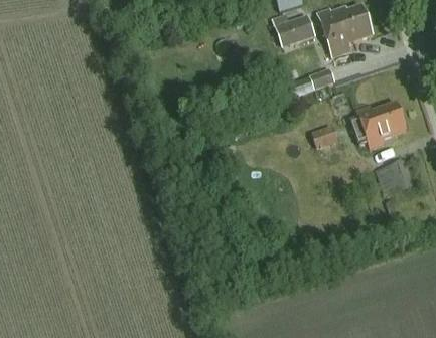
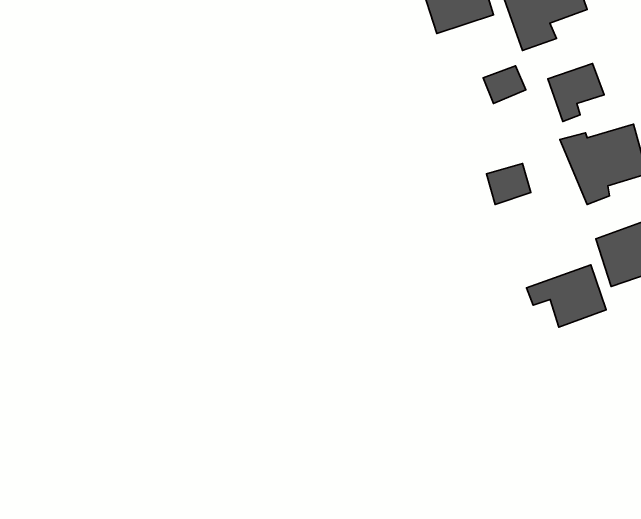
building: none -> [548,64,604,121]
building: none -> [526,265,606,327]

